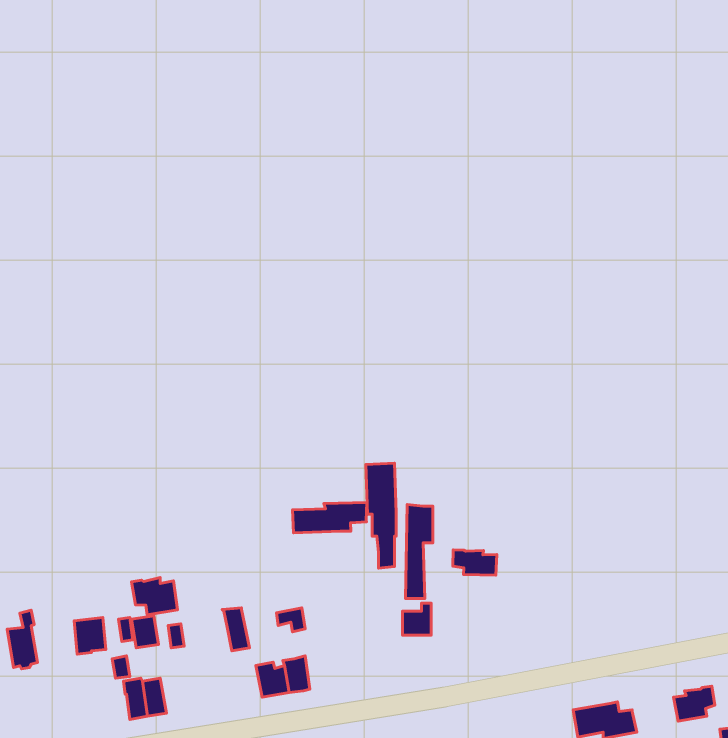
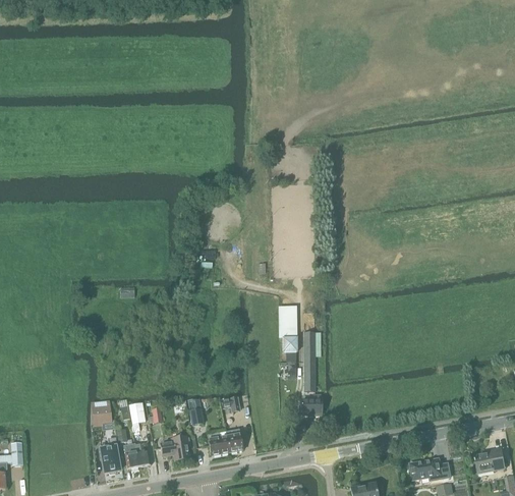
building: [293,503,367,533] -> none
building: [453,550,497,575] -> none
building: [132,578,177,615] -> none
building: [7,610,37,669] -> [100,436,119,474]
building: none -> [160,436,189,460]

